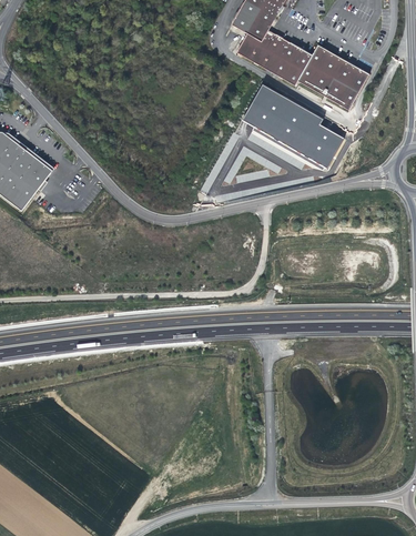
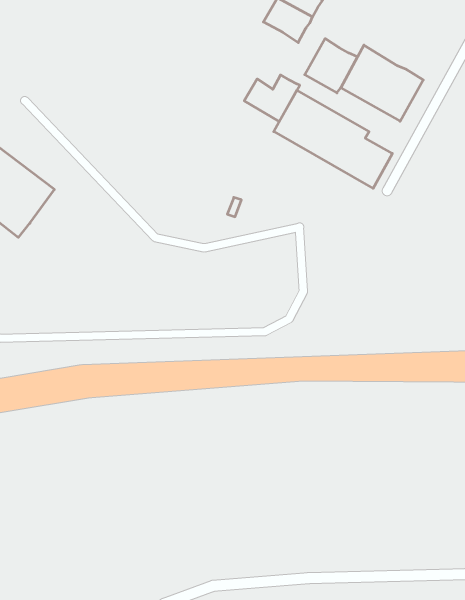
building: [235,29,283,69] -> [244,75,300,121]

